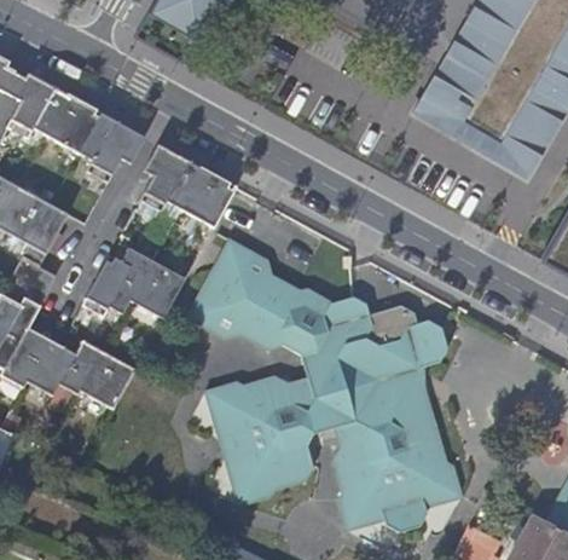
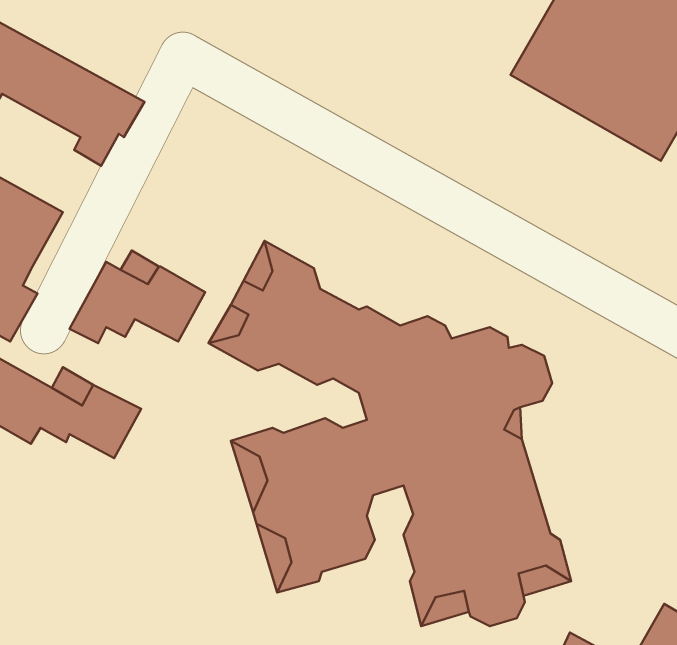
building: [140,148,236,227] -> none

